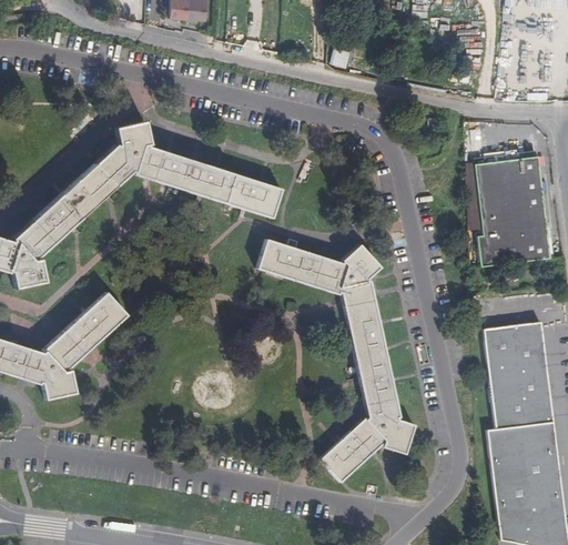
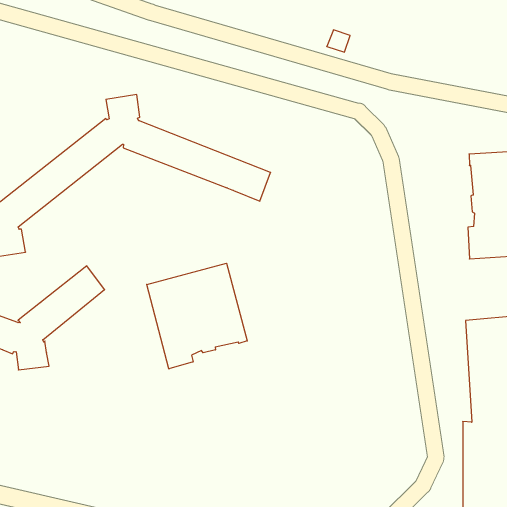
building: [257,240,416,481] -> none
building: none -> [147,263,247,369]

